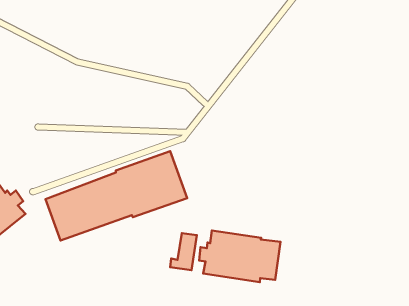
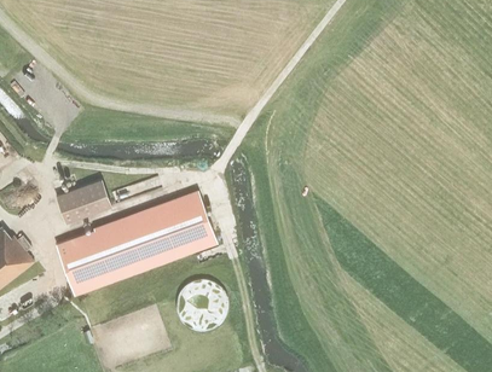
building: none -> [56,179,111,222]
building: [199,231,281,282] -> none

